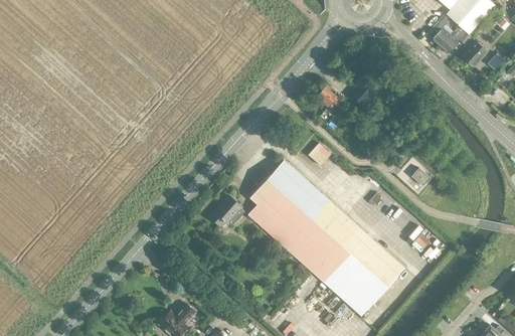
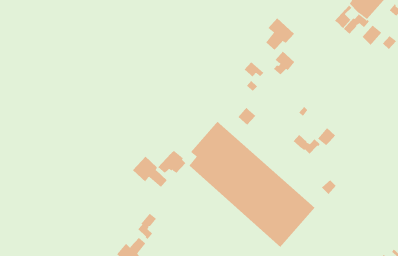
building: none -> [265,18,295,51]
building: none -> [293,134,321,154]
building: none -> [132,156,168,188]
building: none -> [137,213,157,240]

